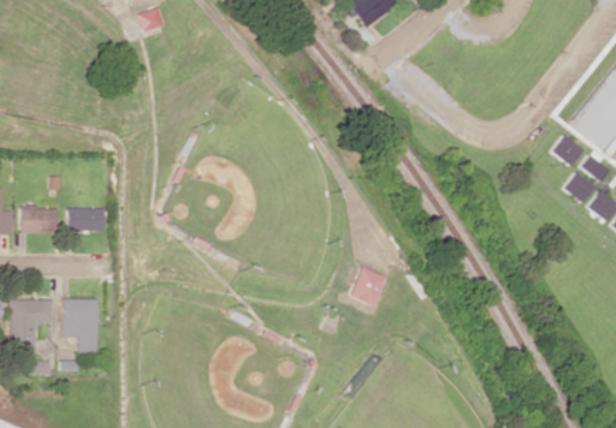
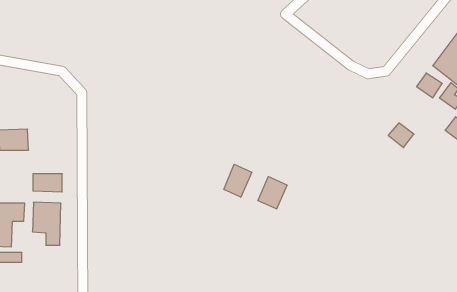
building: [563,172,596,203] -> [388,123,414,148]
building: [70,208,107,231] -> [33,174,62,192]
building: none -> [224,164,252,197]

